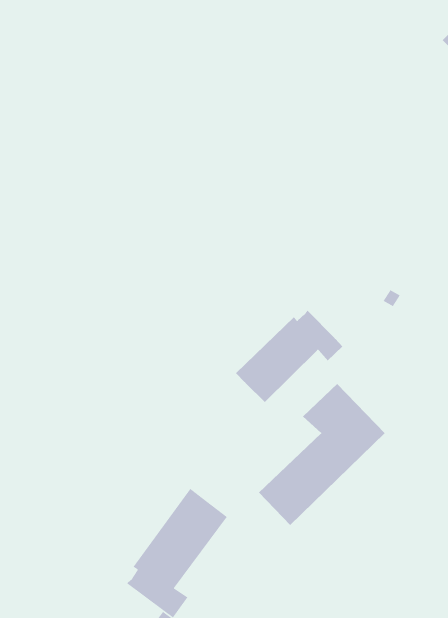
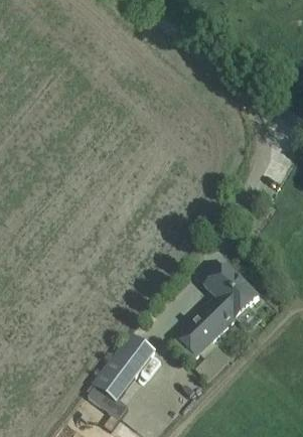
building: [235,310,343,403] -> none

